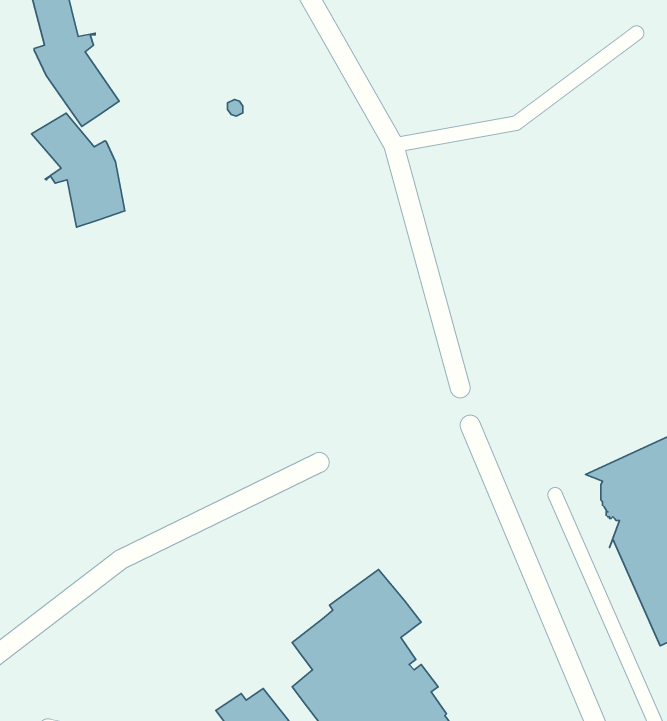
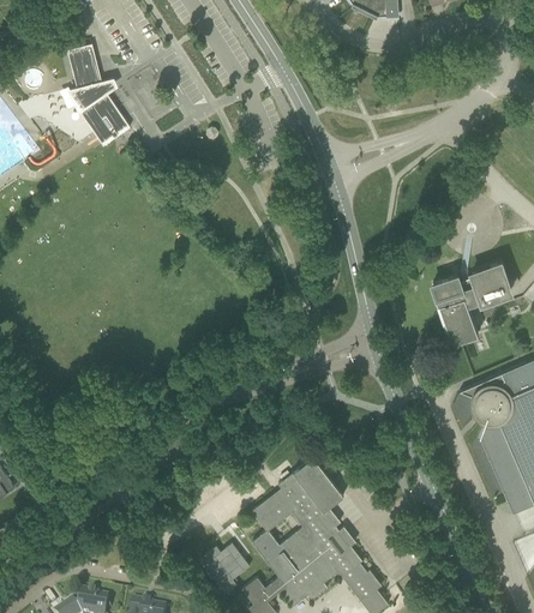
building: [32,113,125,227] -> none
building: none -> [432,263,511,344]

